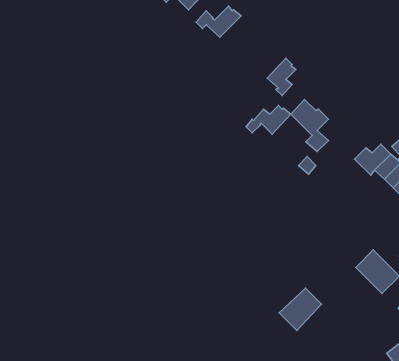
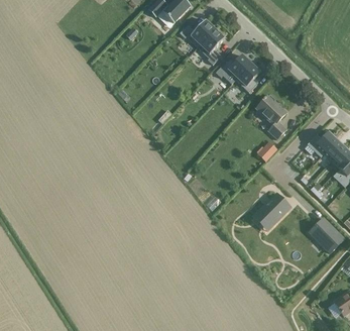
building: none -> [198,28,224,65]
building: [246,106,291,134] -> [215,56,251,79]
building: [279,288,322,330] -> [255,194,289,228]

